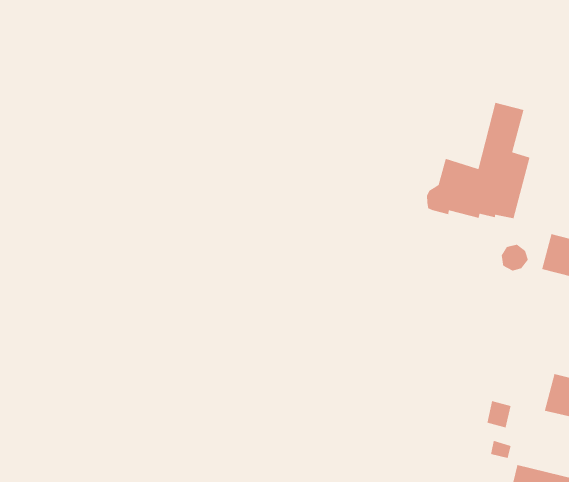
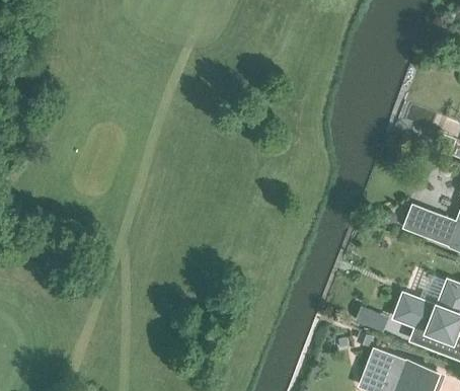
building: [426,102,531,219] -> none

